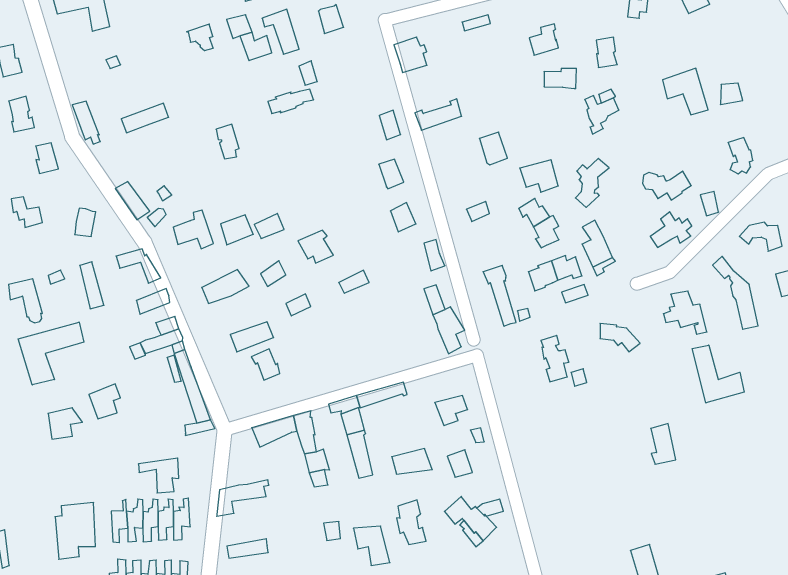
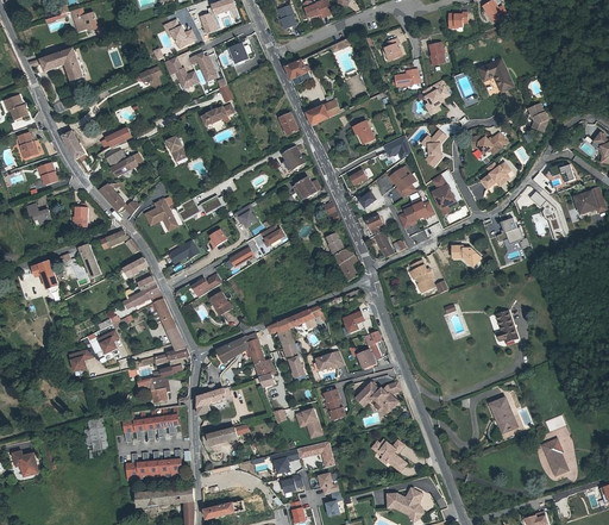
building: none -> [107,149,143,176]
building: [18,322,84,385] -> none
building: [692,345,744,403] -> none

